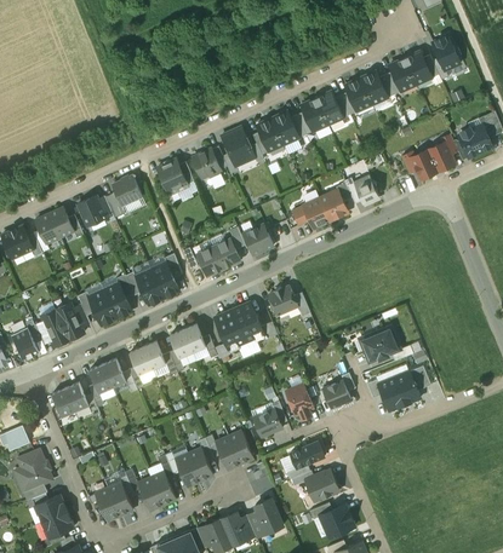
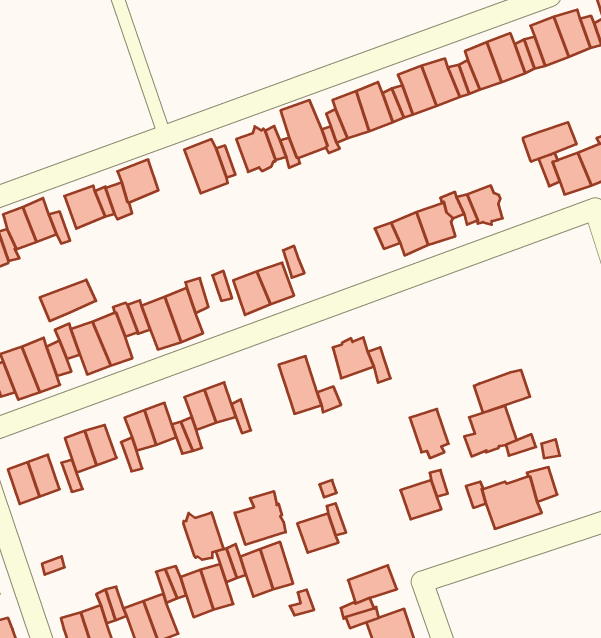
building: none -> [523,122,576,162]
building: [242,223,273,254] -> none
building: none -> [40,280,96,321]
building: none -> [474,370,530,413]
building: [213,309,245,348] -> none
building: [285,384,313,417] -> [410,409,449,458]
building: none -> [235,491,286,545]
building: none -> [184,512,224,560]

